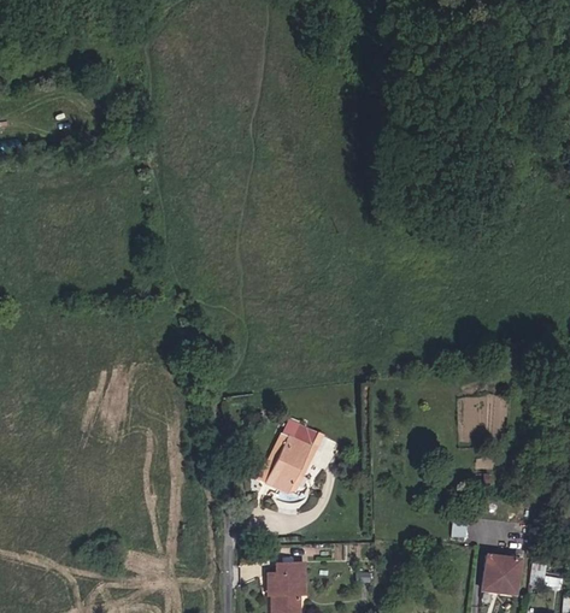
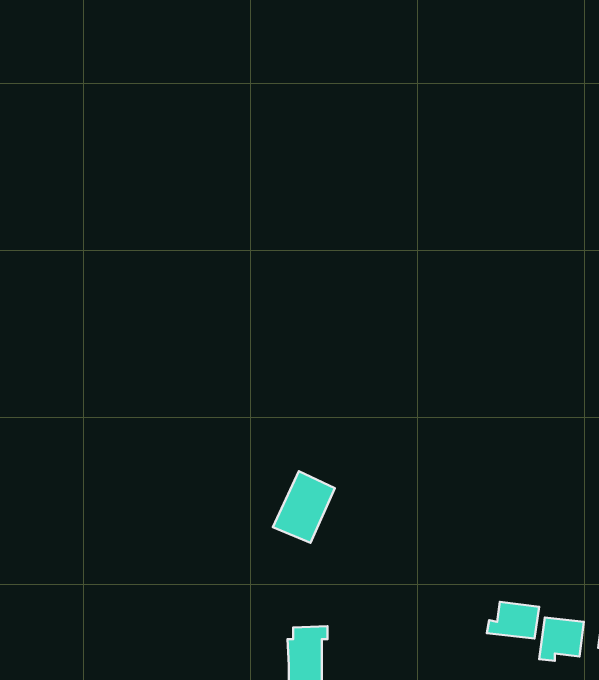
building: [282,420,323,496] -> none
building: none -> [487,602,539,639]

